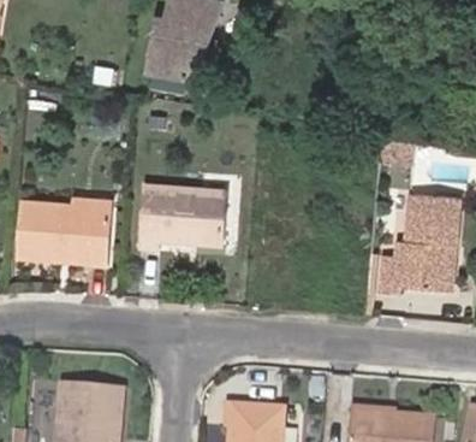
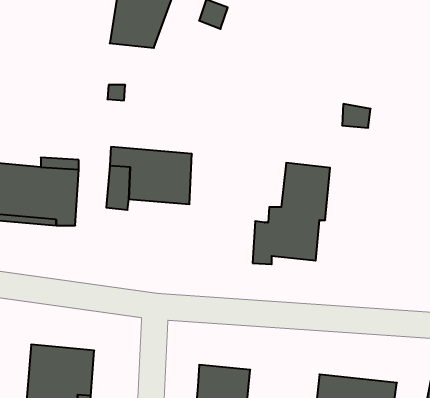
building: [379,191,457,294] -> [253,163,330,264]

